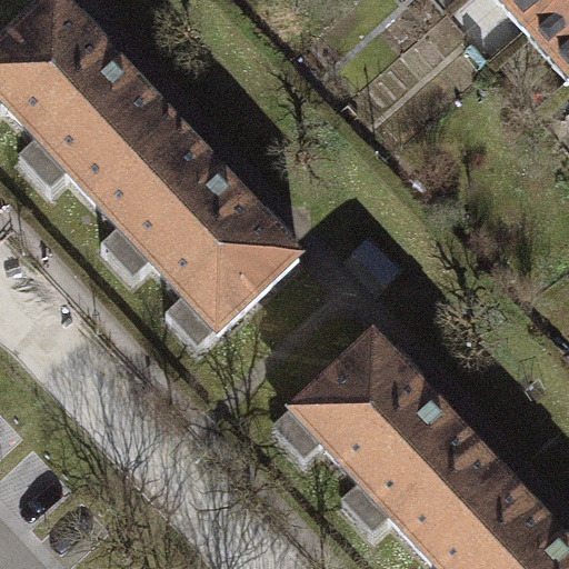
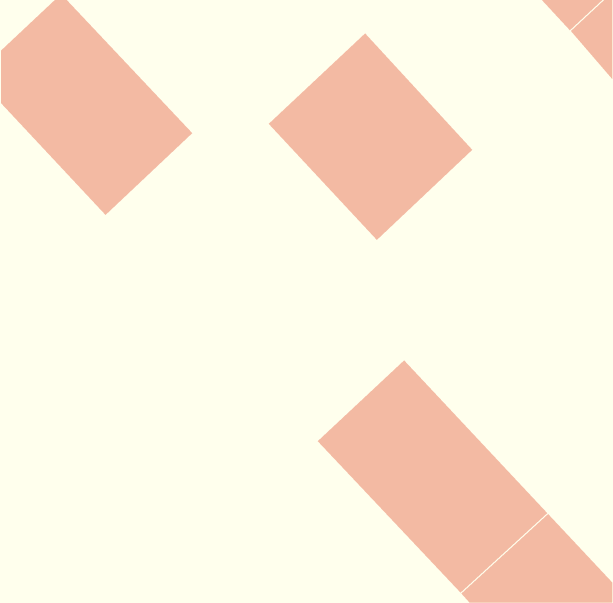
building: none -> [268,33,473,241]
building: [98,123,301,330] -> none

